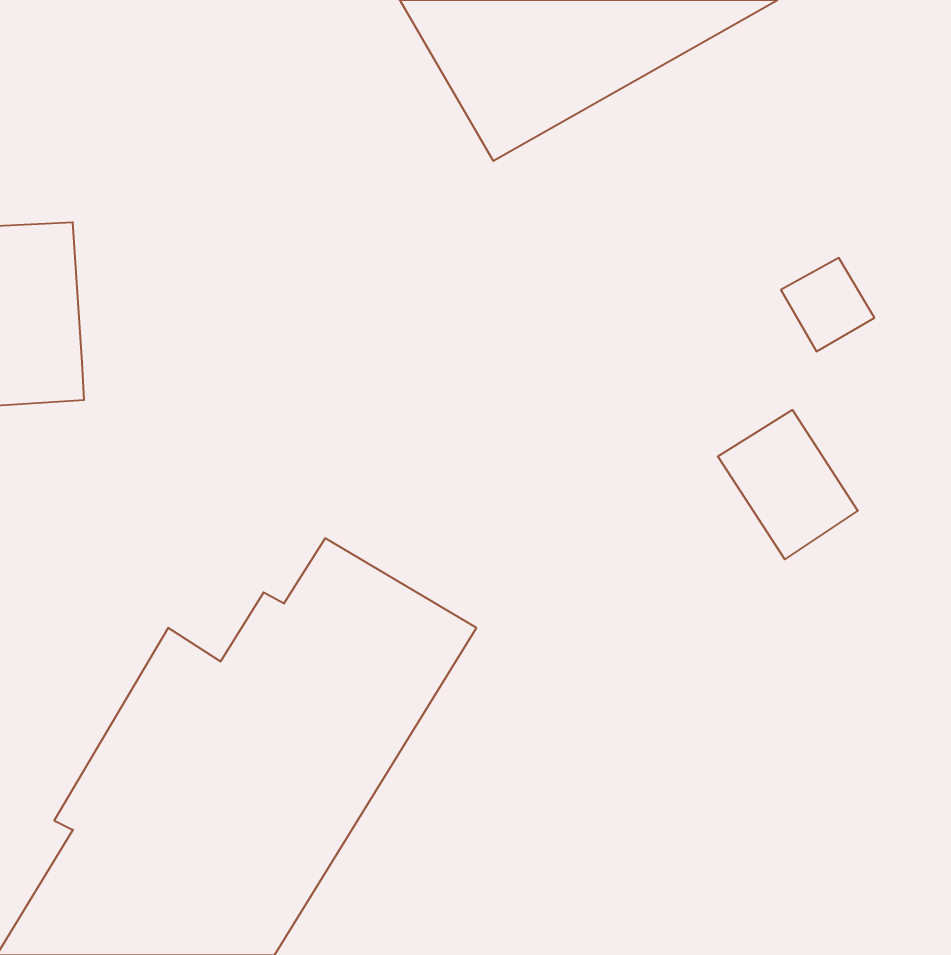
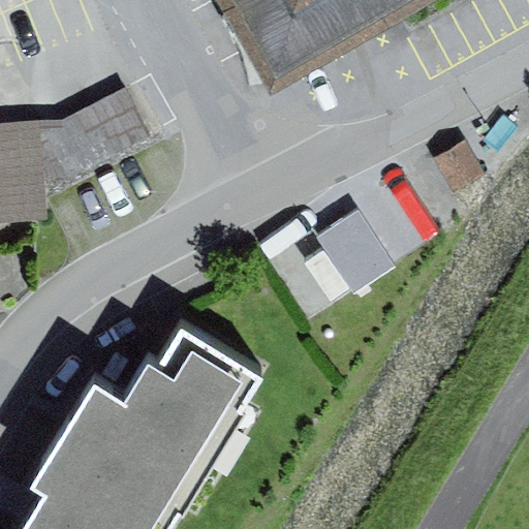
building: none -> [40,90,156,200]
building: [718,410,858,559] -> [314,204,392,286]

